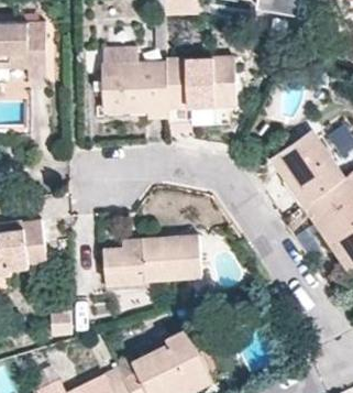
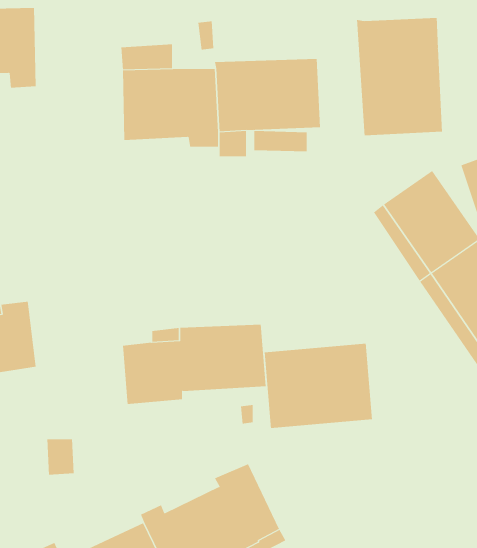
building: none -> [357,17,443,136]
building: none -> [264,343,373,429]

